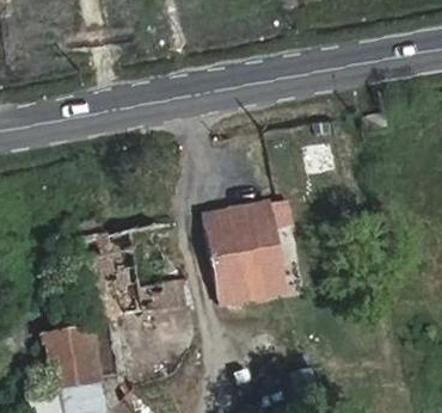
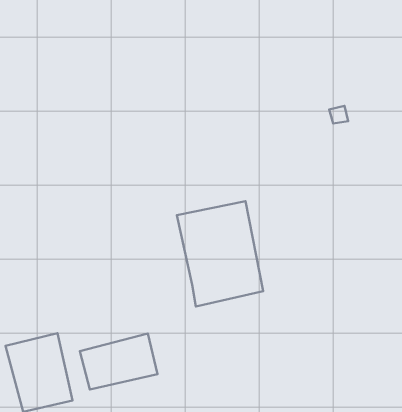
building: none -> [80,334,158,389]

